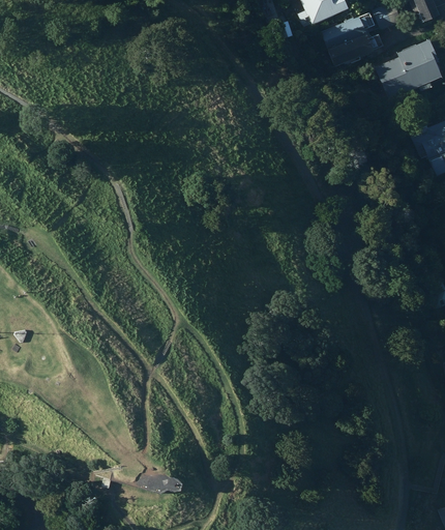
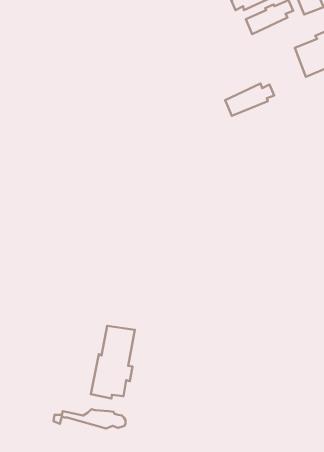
building: [326,33,381,69] -> [225,83,274,116]
building: none -> [91,326,135,398]

